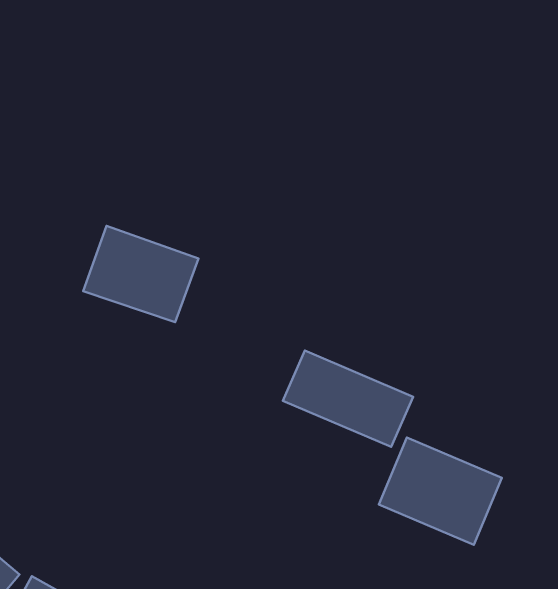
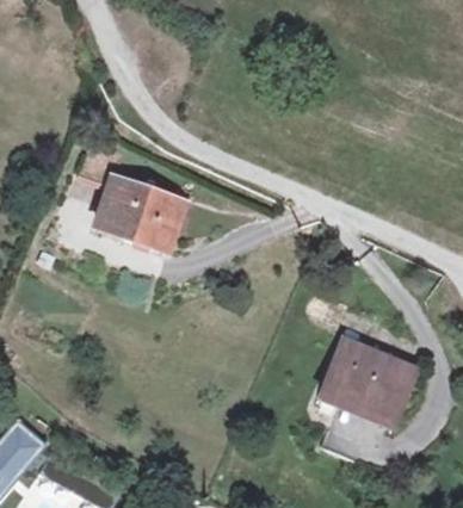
building: [283,351,413,447] -> none

